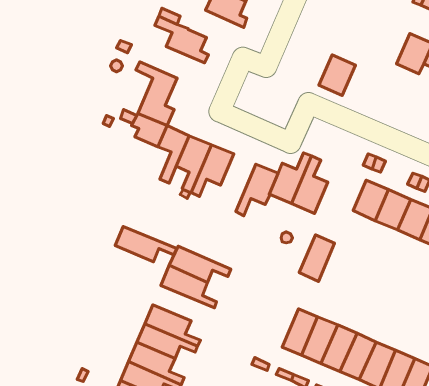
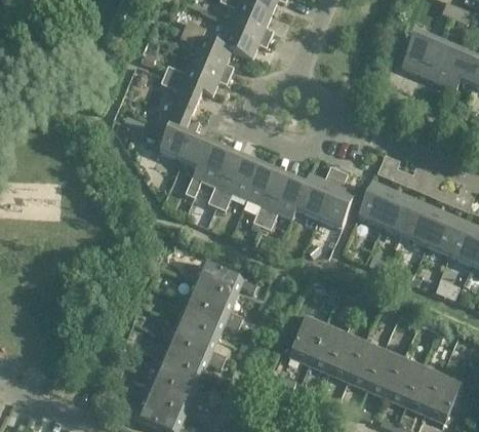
building: none -> [213,21,270,57]
building: none -> [164,57,230,93]
building: [319,55,355,95] -> [401,34,438,75]
building: none -> [246,166,282,225]
building: none -> [358,183,394,224]
building: [115,226,177,262] -> [177,300,240,336]
building: [299,235,335,282] -> [289,315,325,362]

